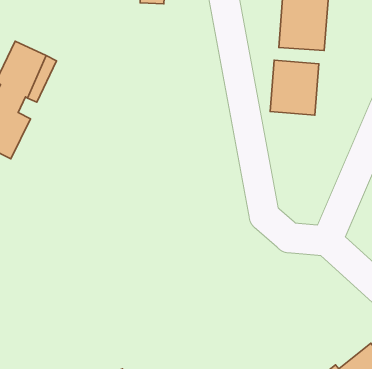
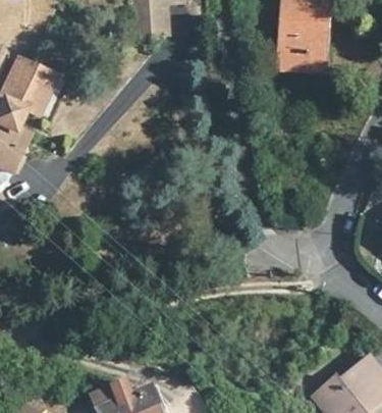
building: [270,60,319,115] -> none

